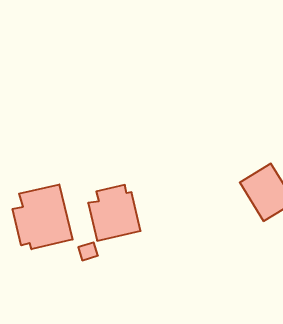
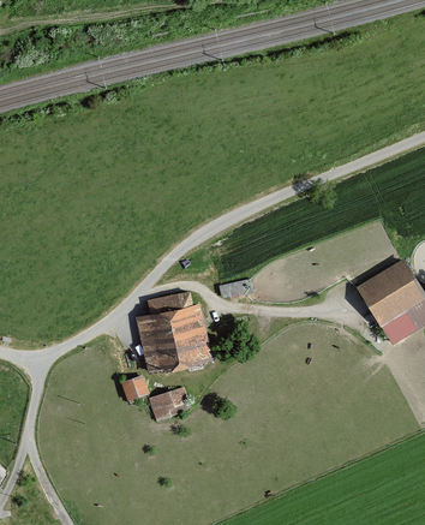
building: [13,184,73,249] -> none
building: none -> [148,387,192,423]

